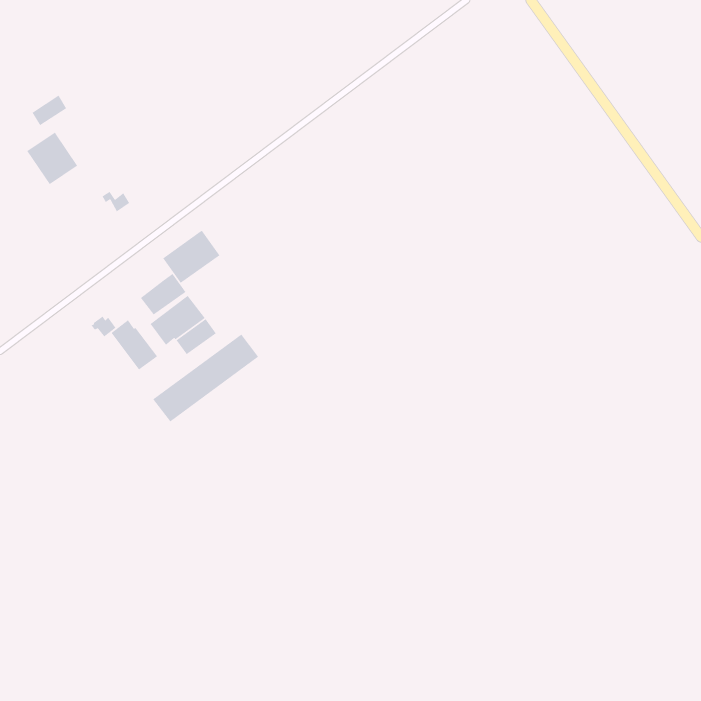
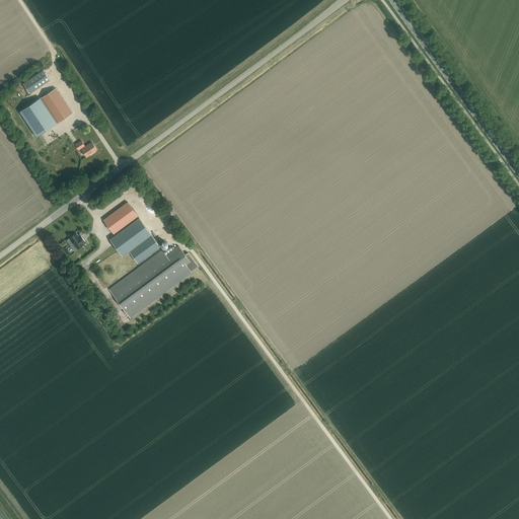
building: none -> [42,88,72,123]
building: [162,230,221,284] -> none
building: [110,319,158,371] -> none

